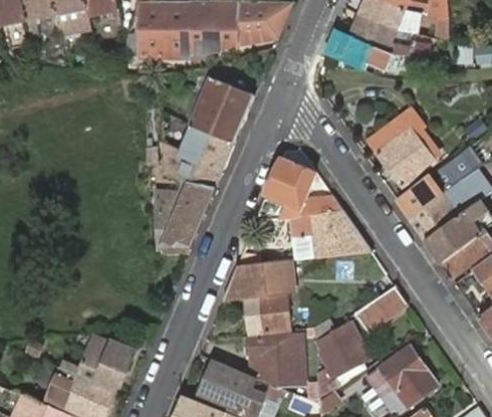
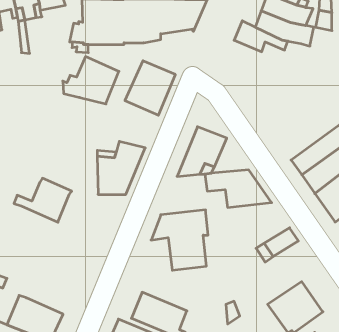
building: [366,106,435,187] -> none
building: [163,126,232,184] -> [63,57,119,104]
building: [316,324,370,377] -> none
building: [246,333,302,384] -> none
building: [60,335,132,389] -> [14,178,72,222]

